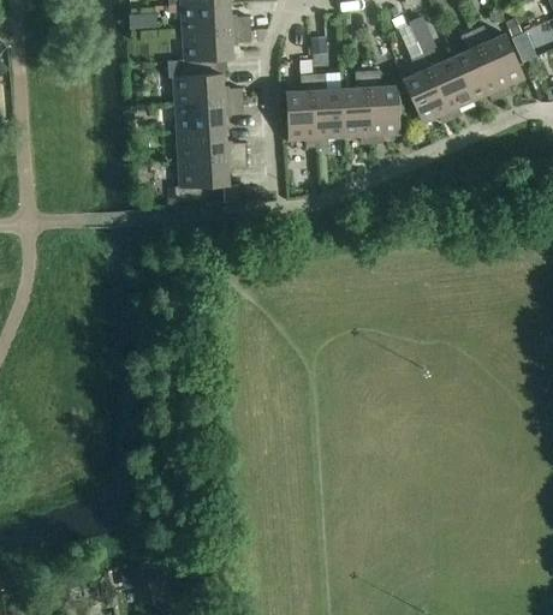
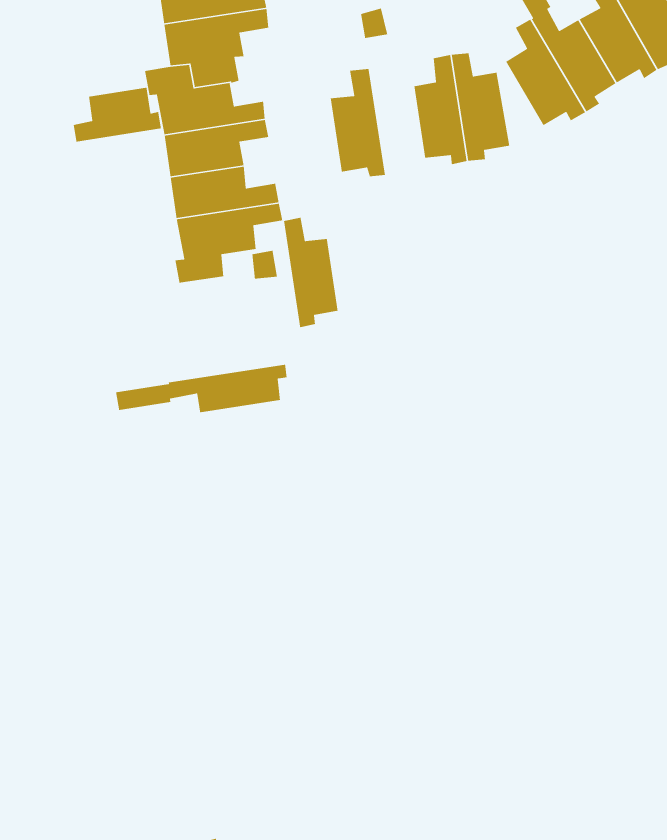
building: none -> [73,87,162,142]
building: [314,72,344,144] -> [283,217,339,328]
building: none -> [115,364,287,413]

